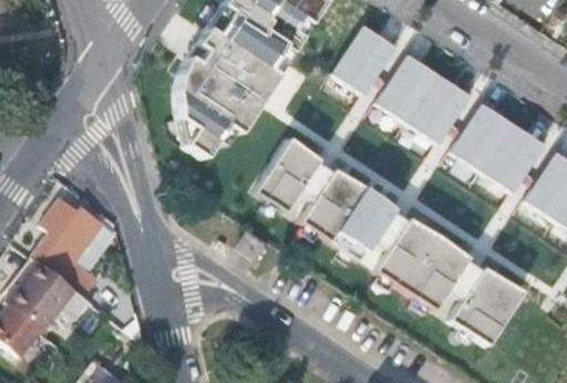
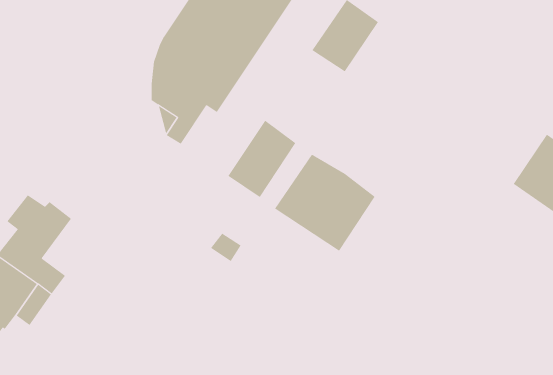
building: [378,50,472,139] -> none
building: [451,99,545,188] -> none
building: [371,216,467,309] -> none
building: [444,265,519,342] -> none

